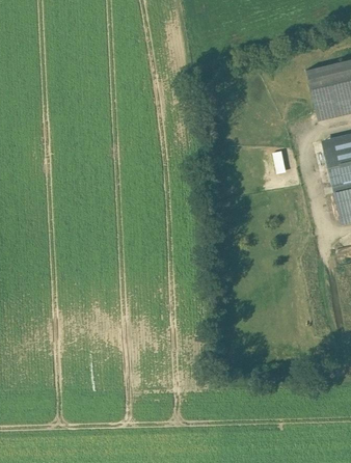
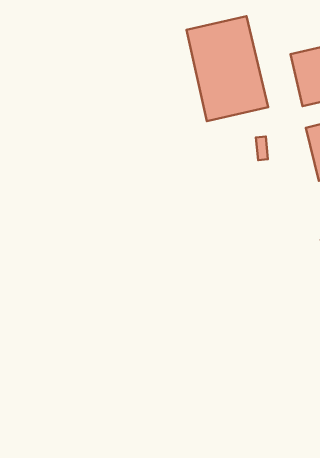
building: none -> [186,16,268,121]

